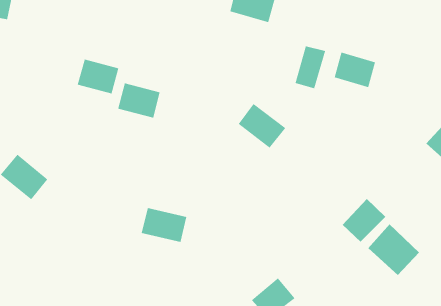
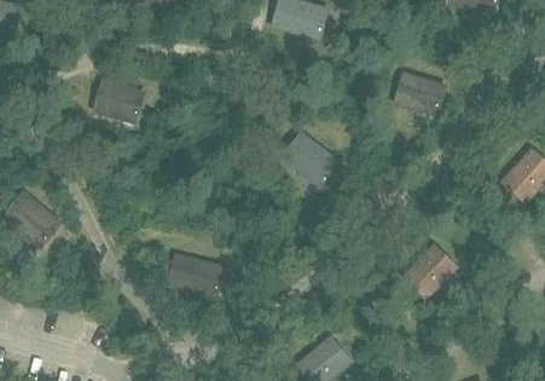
building: [295,45,326,89] -> none
building: [118,82,160,119] -> none
building: [367,224,420,276] -> none

